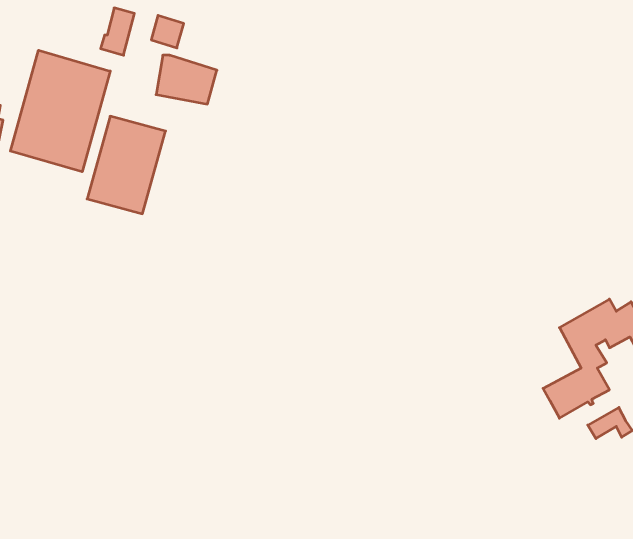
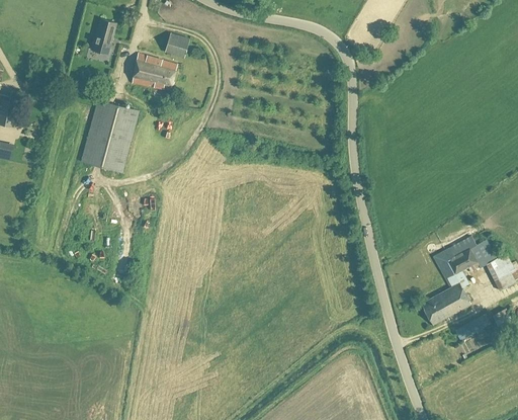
building: [151,15,184,48] -> [163,32,187,57]
building: [10,50,110,172] -> none

